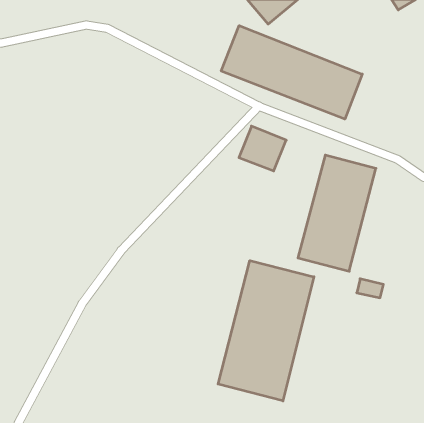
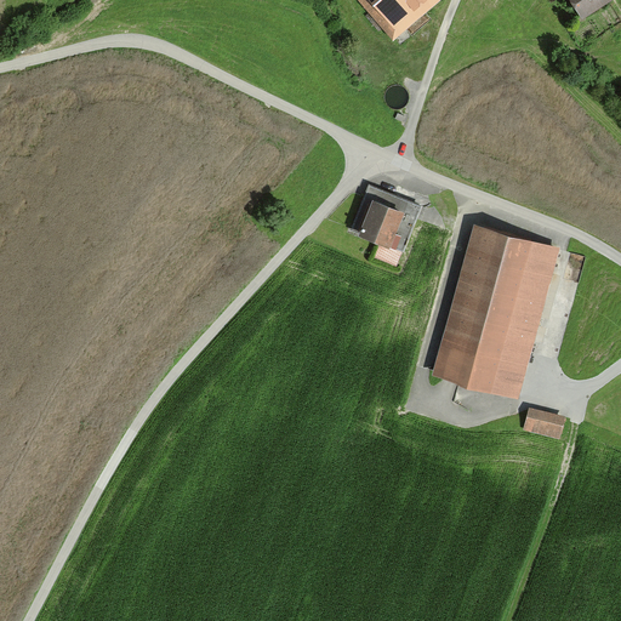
building: [221,26,362,119] -> none
building: [218,261,314,401] -> none

